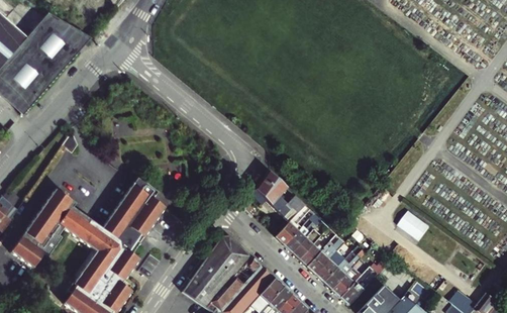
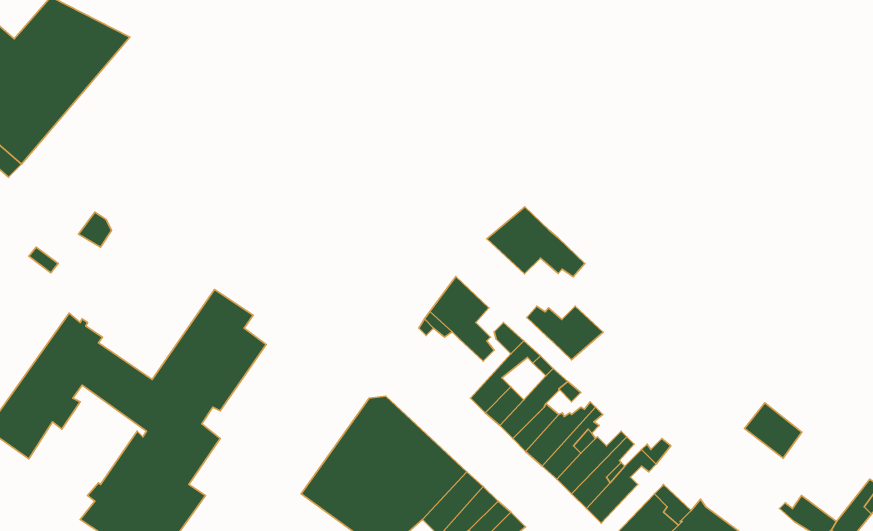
building: none -> [487,207,585,277]
building: none -> [527,306,603,360]
building: [398,210,429,240] -> [745,403,802,458]

